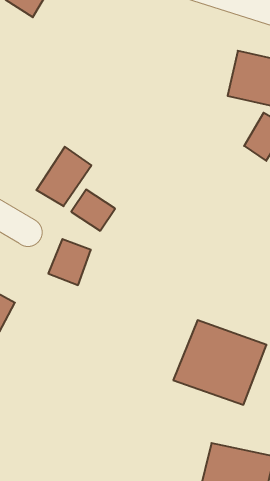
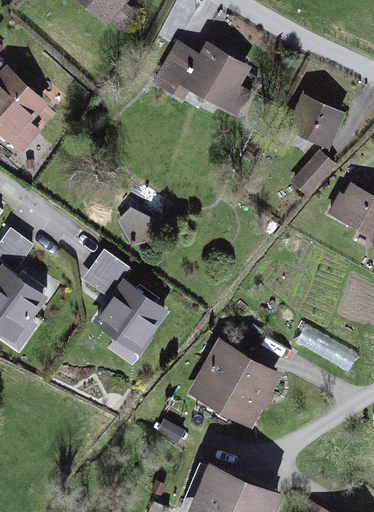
building: none -> [160,38,249,110]
building: [36,147,91,206] -> none
building: none -> [90,291,158,357]

